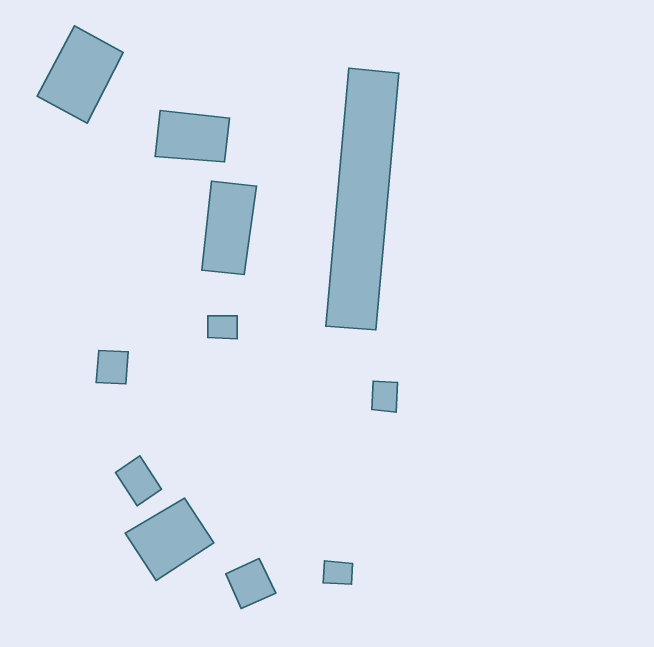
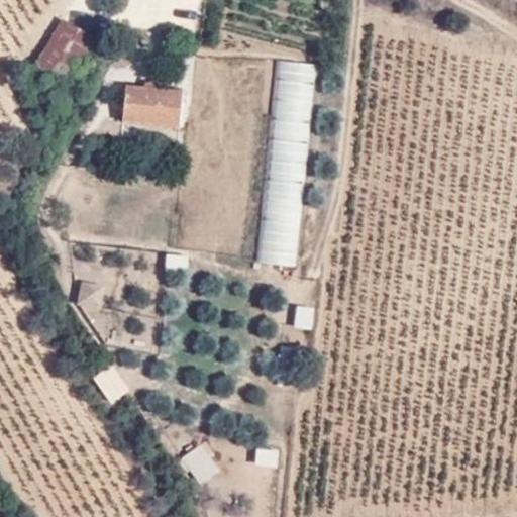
building: [202,181,256,275] -> none
building: [125,498,214,581] -> none

